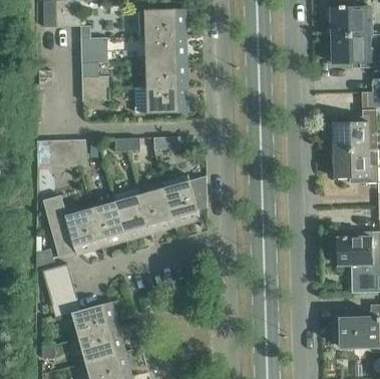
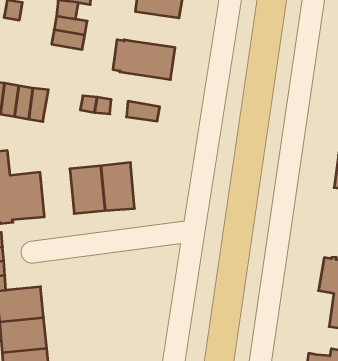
building: [145,60,183,86] -> none
building: [163,179,200,224] -> none
building: [90,201,124,244] -> none

